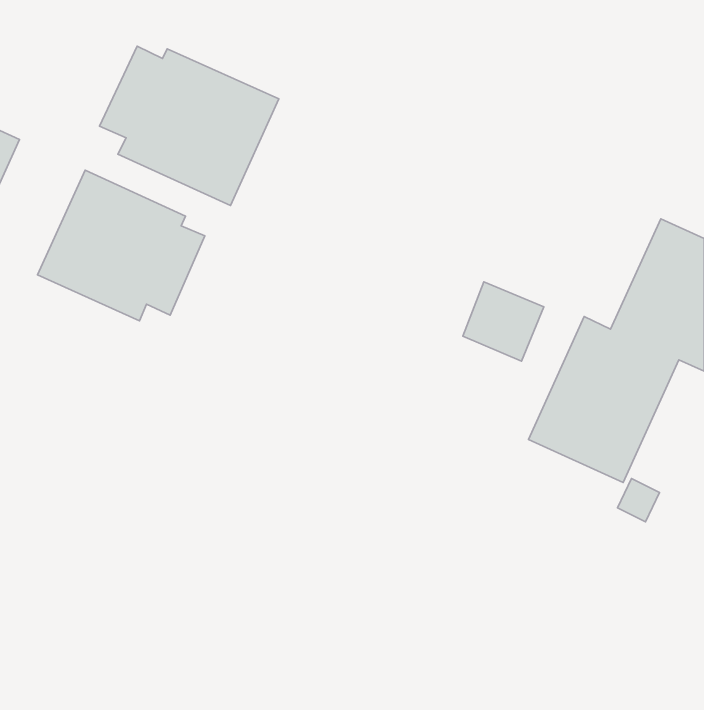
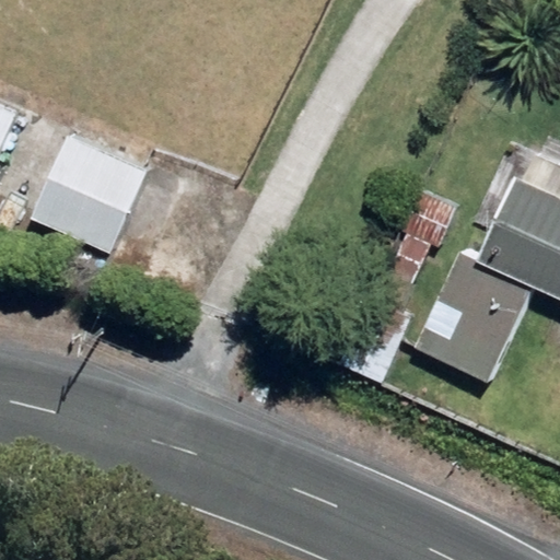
building: [100,46,279,206] -> none

